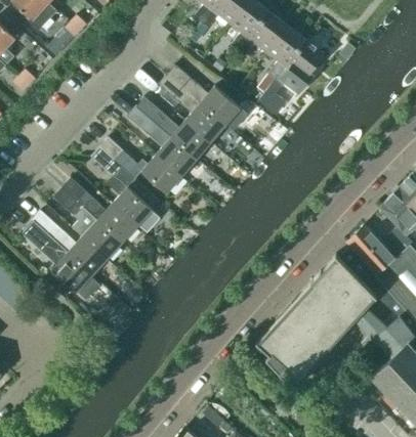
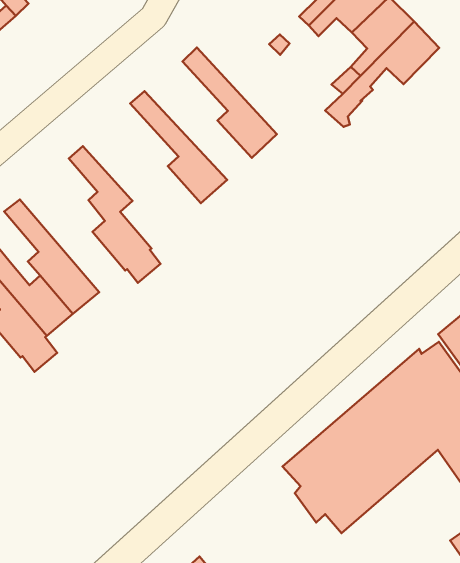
building: [166,64,248,132] -> none
building: [135,97,211,159] -> none
building: [99,138,181,193] -> none
building: [63,178,137,243] -> none

